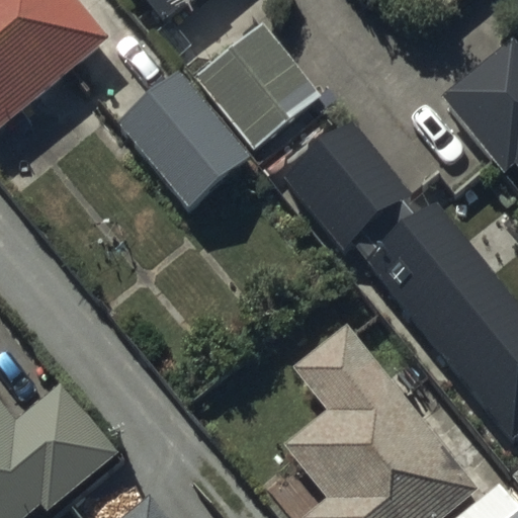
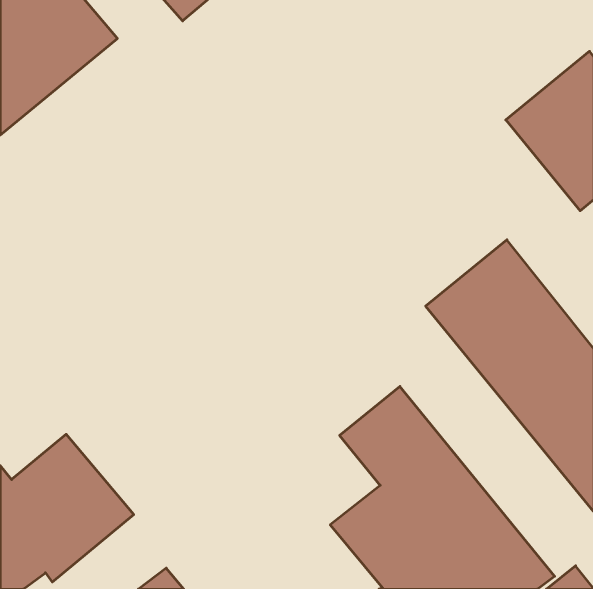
building: [193,20,320,148] -> none
building: [115,68,248,204] -> none
building: [287,130,416,256] -> none

